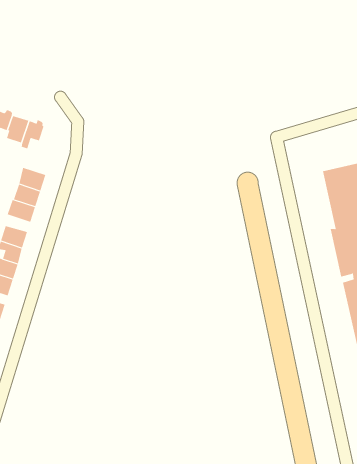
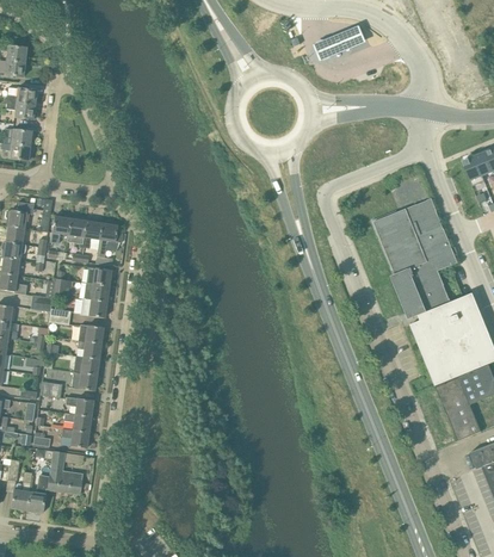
building: none -> [95,221,122,266]

